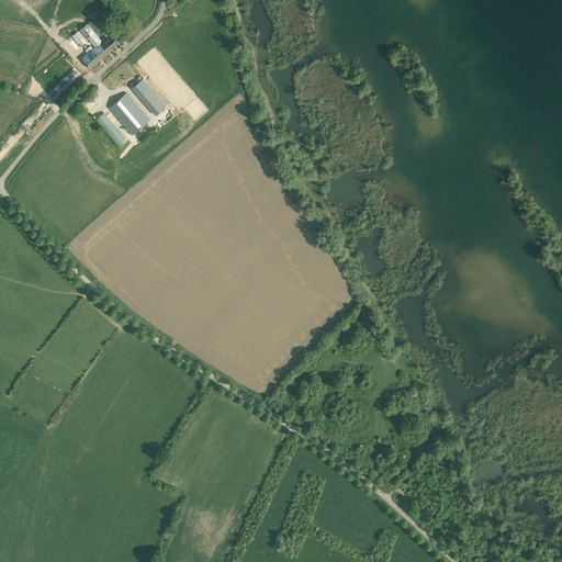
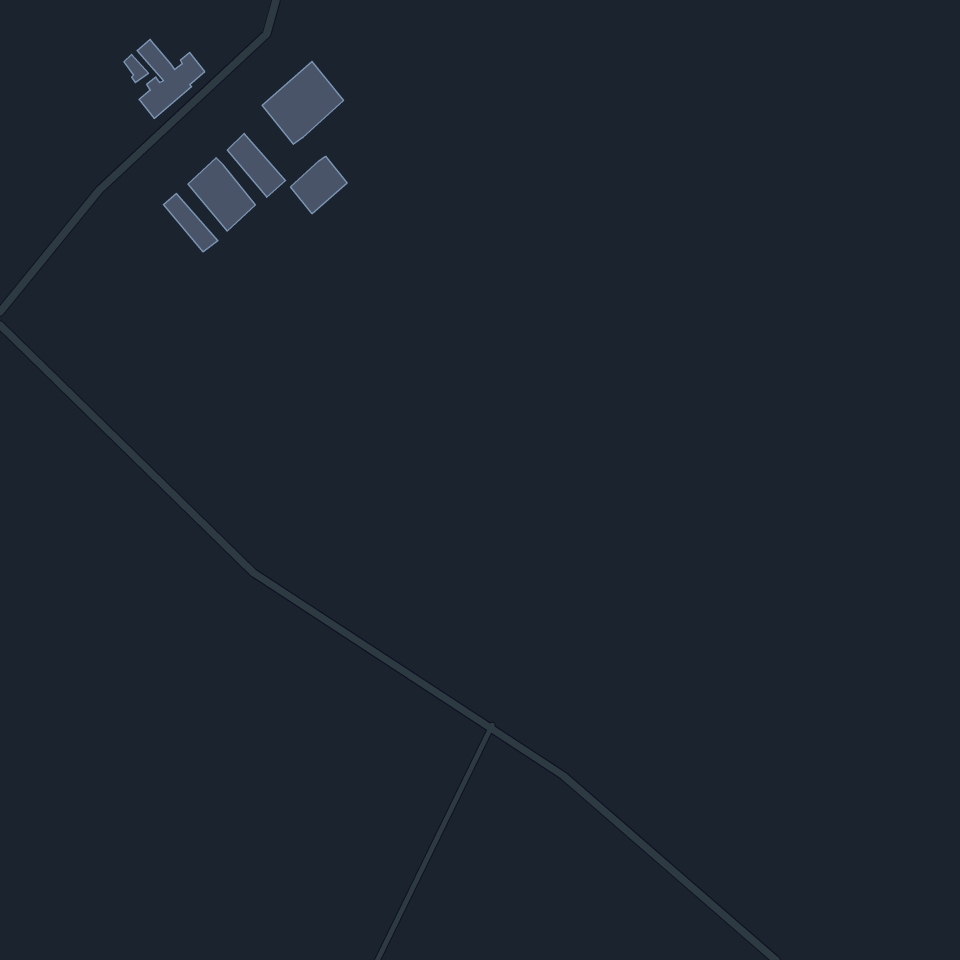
building: none -> [262,61,343,144]
building: none -> [291,156,347,214]

